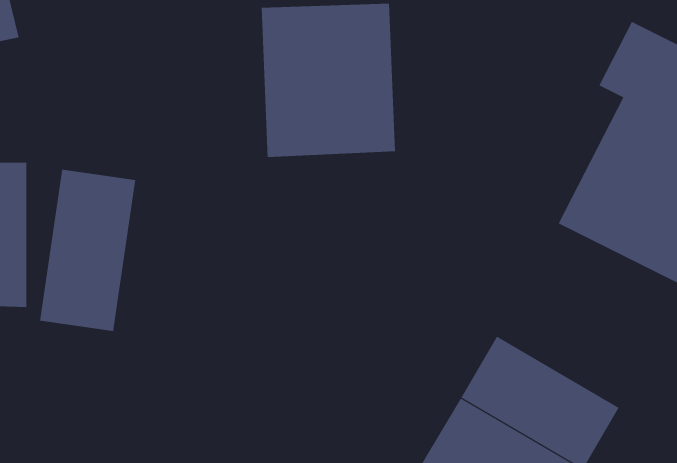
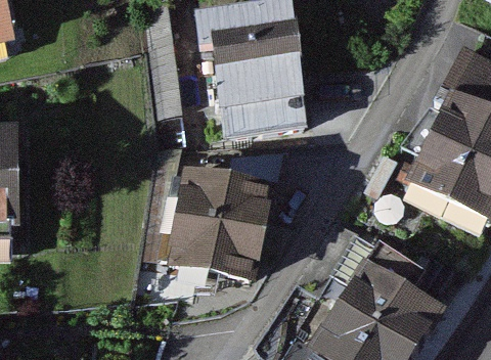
building: [40,169,136,332] -> none
building: none -> [154,174,266,283]

